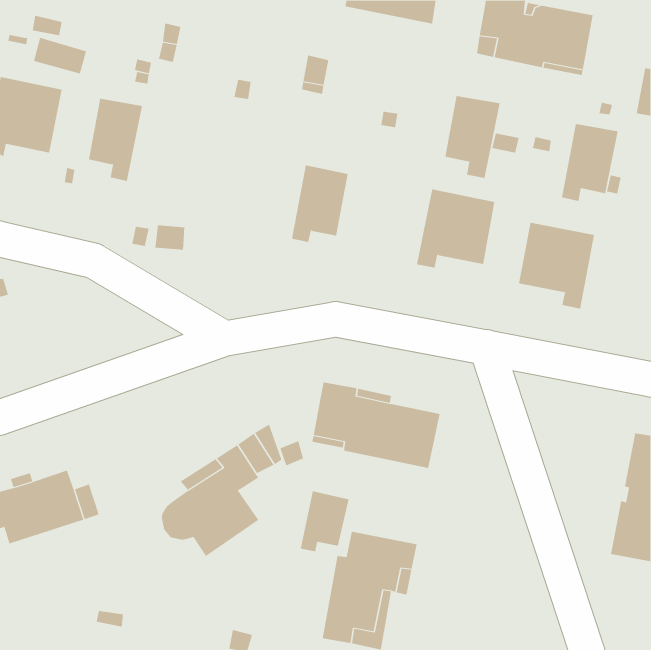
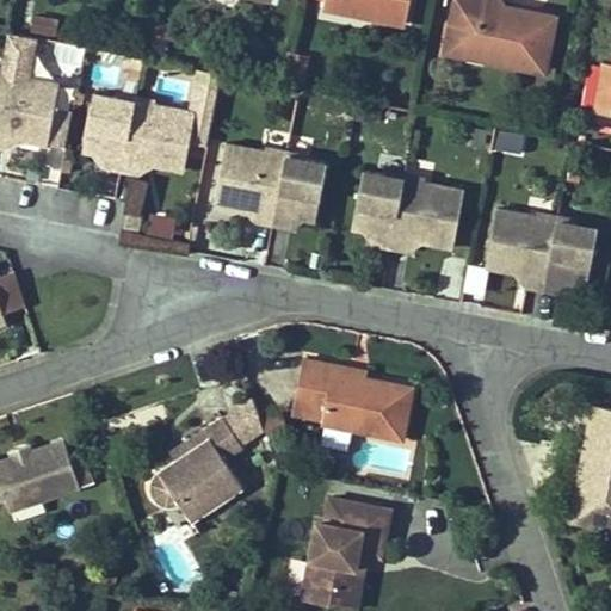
building: none -> [119,70,220,175]
building: [444,96,501,179] -> [351,172,403,249]
building: [561,123,619,201] -> [543,222,597,295]
building: none -> [214,144,285,226]
building: [300,490,349,552] -> none

